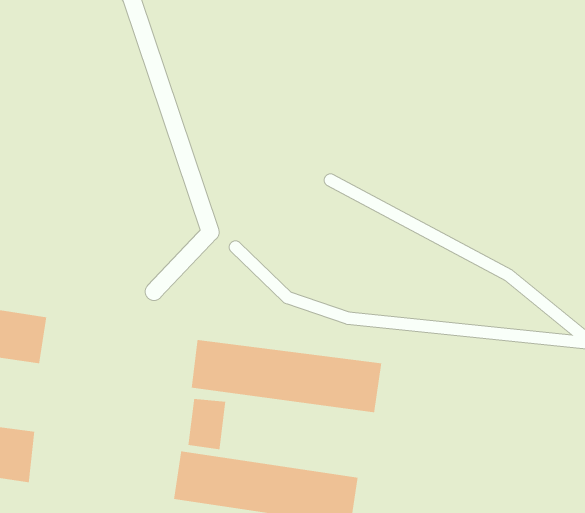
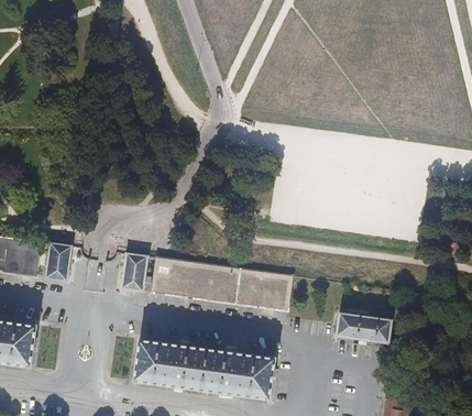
building: none -> [44,244,73,283]
building: [187,398,226,450] -> [121,254,150,293]
building: none -> [334,311,393,343]

